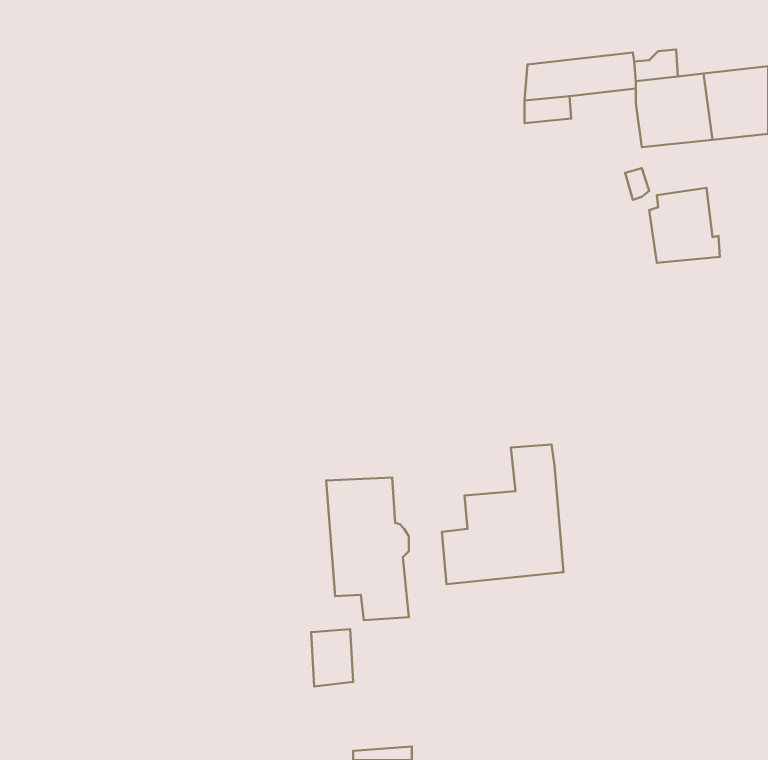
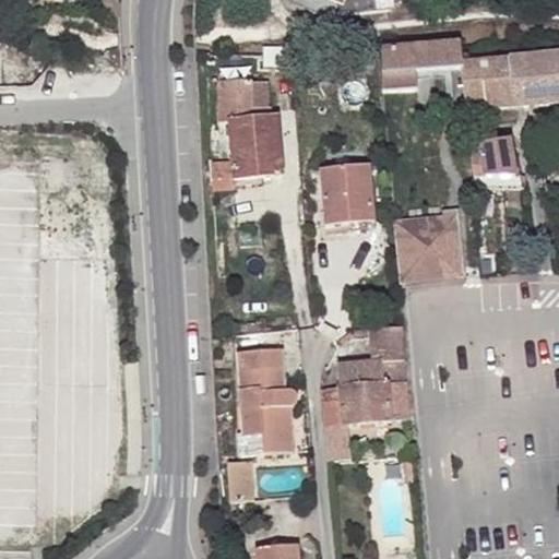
building: none -> [216,71,284,178]
building: none -> [320,164,376,225]
building: none -> [394,214,460,278]

